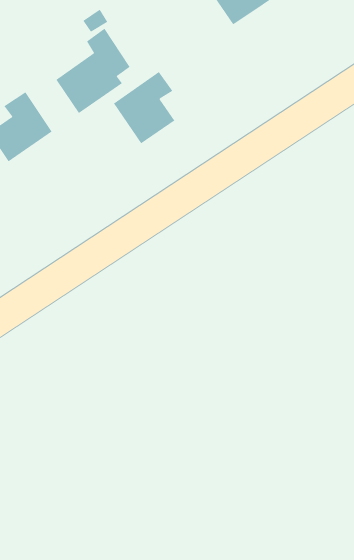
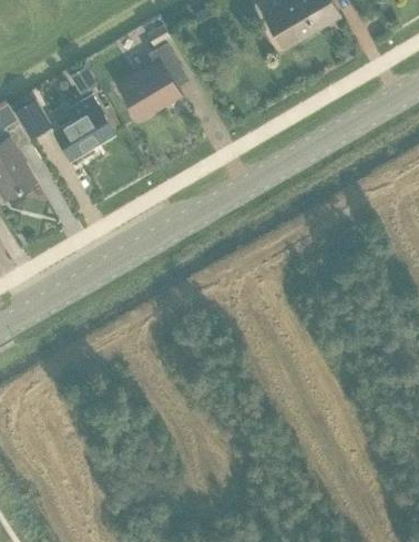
building: [113,71,175,144] -> none

